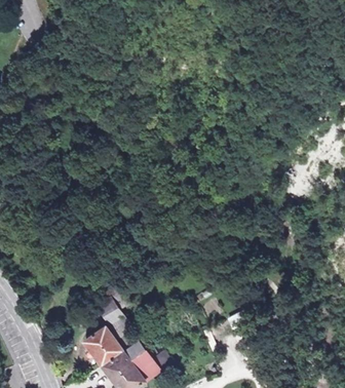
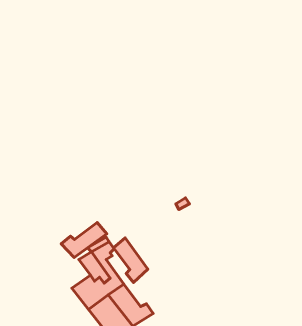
building: none -> [61,223,107,257]
building: none -> [113,238,148,283]

